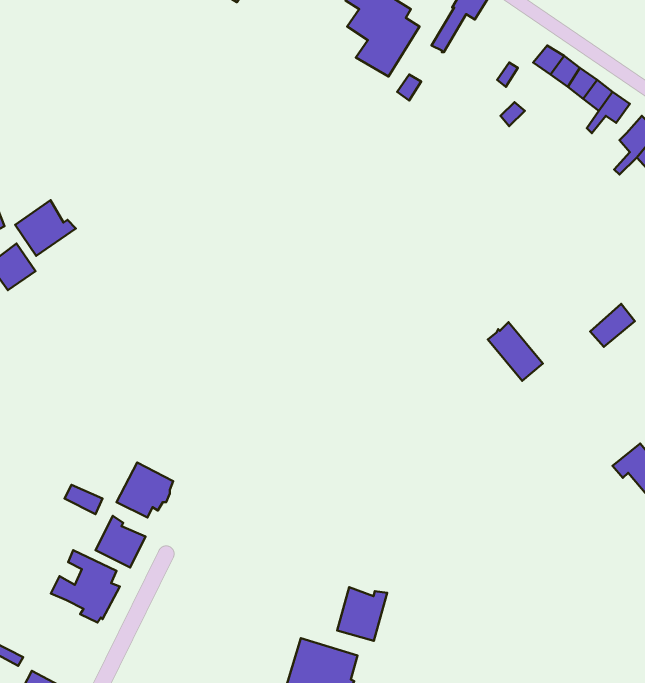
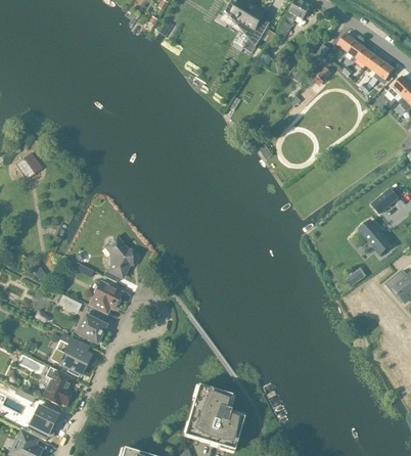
building: [15,200,76,256] -> none
building: [488,322,543,381] -> [359,219,392,254]
building: none -> [105,238,134,282]
building: [337,587,387,641] -> none
building: none -> [44,367,75,405]

